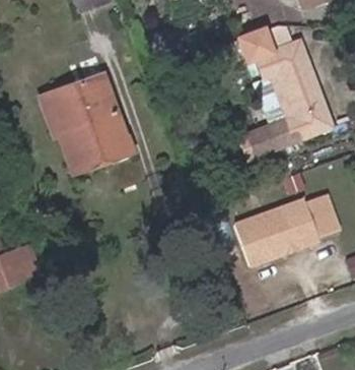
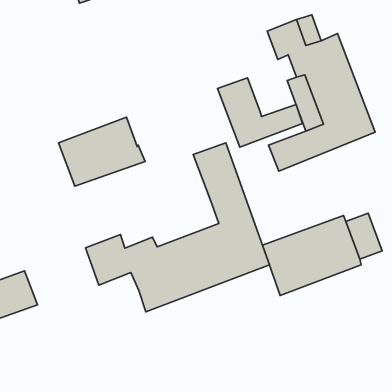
building: [41,73,118,135] -> none
building: none -> [217,78,303,147]
building: none -> [85,143,269,312]

